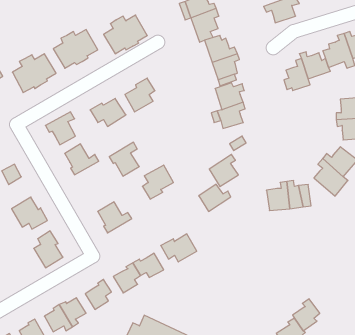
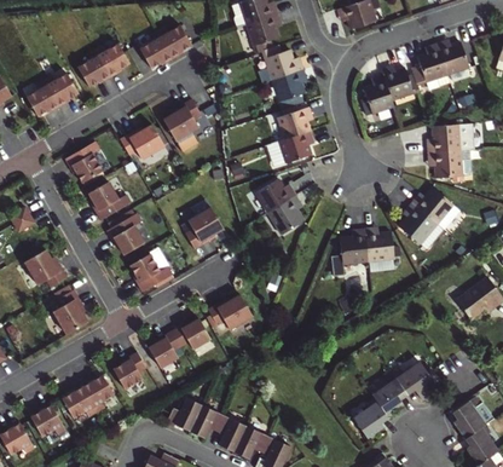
building: [109,142,139,176] -> [106,214,144,256]
building: [199,184,231,211] -> [256,180,296,214]
building: none -> [393,362,435,400]

